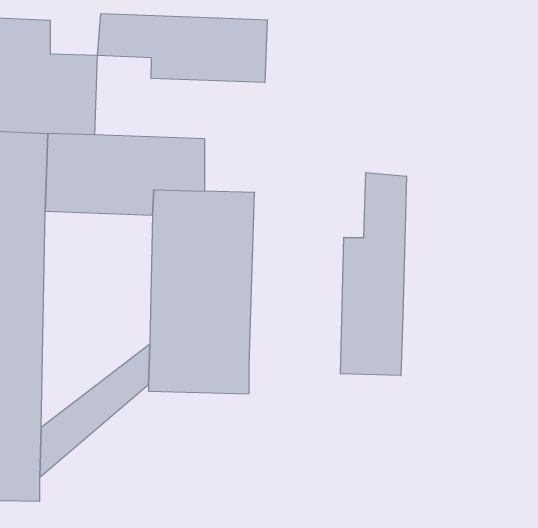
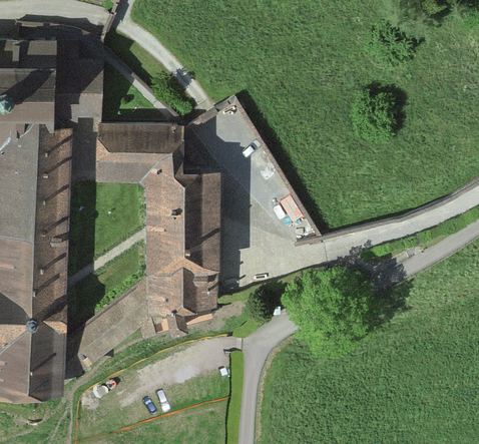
building: [97,14,267,83] -> none
building: [340,173,406,376] -> none

